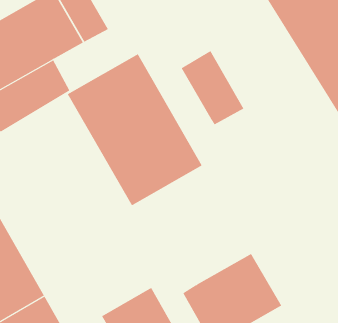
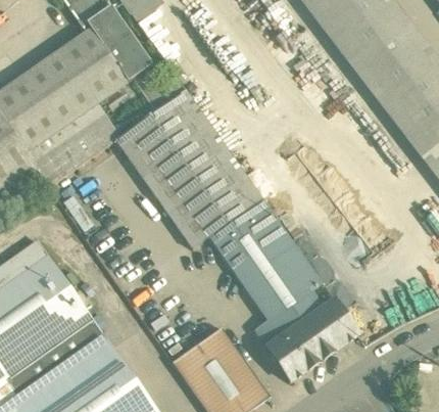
building: [181,50,244,125] -> none
building: none -> [208,197,322,319]

